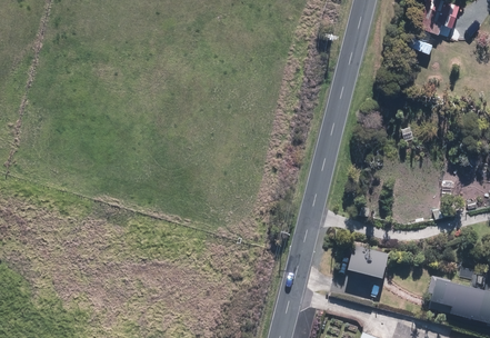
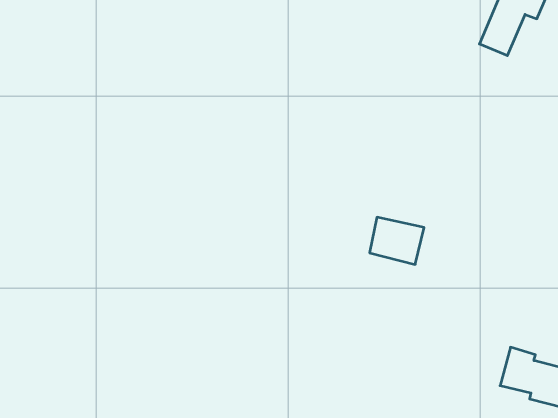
building: [348,245,389,280] -> [370,217,424,264]

